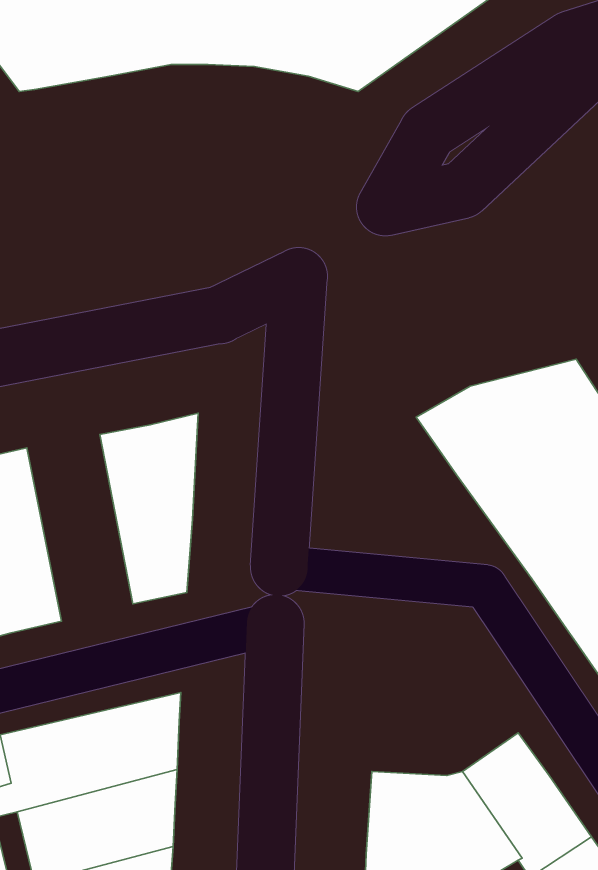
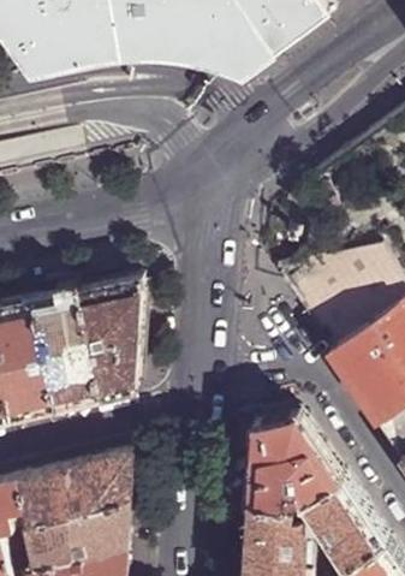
building: none -> [30,295,96,411]
building: none -> [245,416,336,507]

